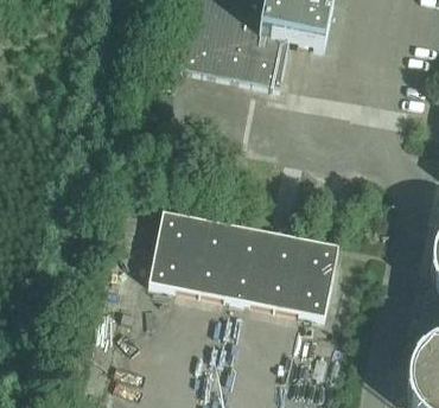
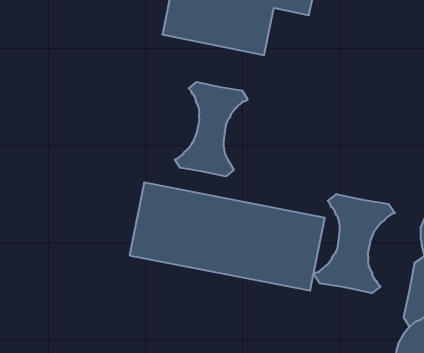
building: none -> [175,82,247,176]
building: none -> [313,194,395,293]

